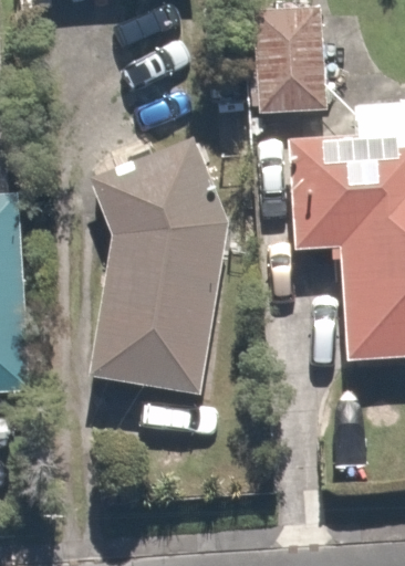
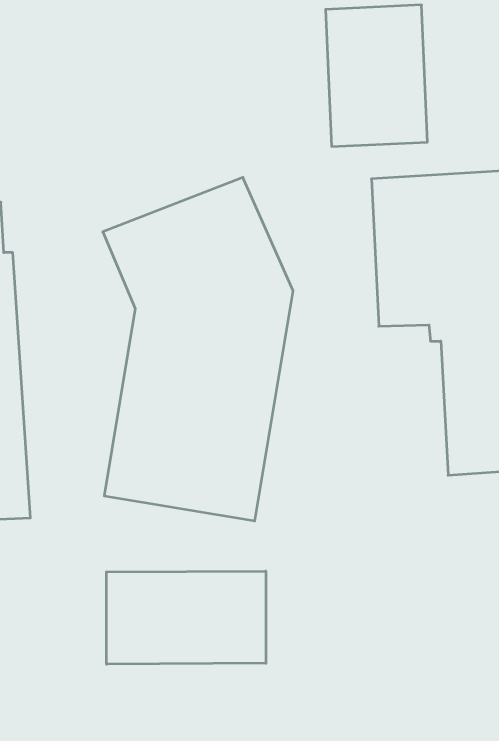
building: none -> [106,571,266,664]

